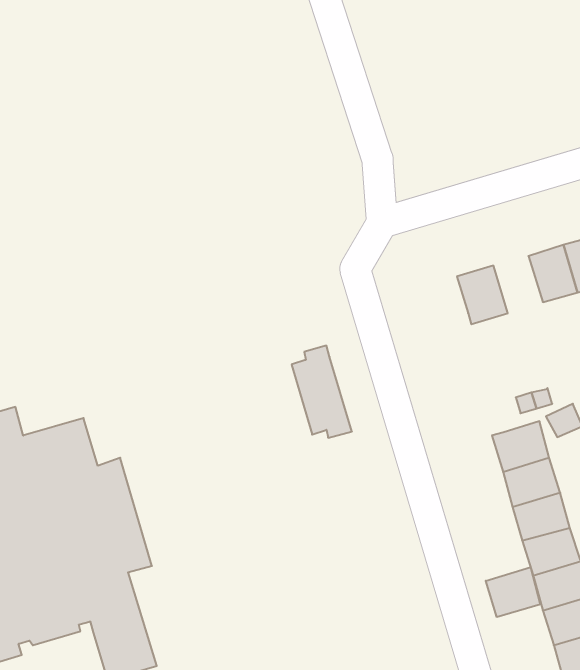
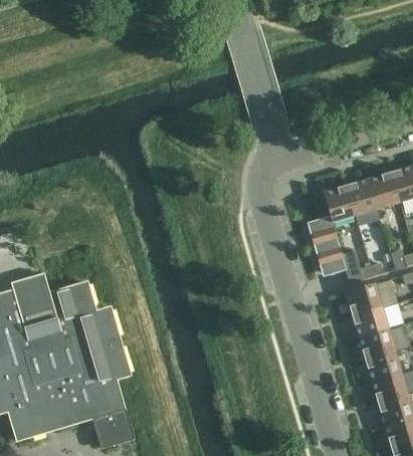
building: none -> [346,179,377,215]
building: [292,346,352,438] -> [307,215,346,273]
building: [486,567,540,617] -> none

